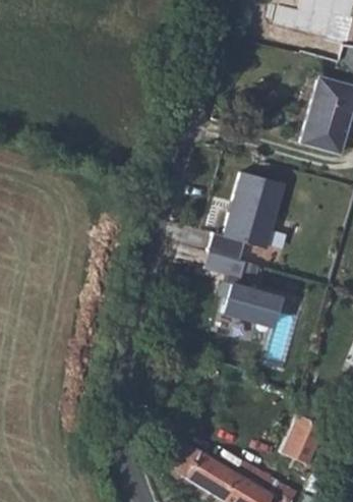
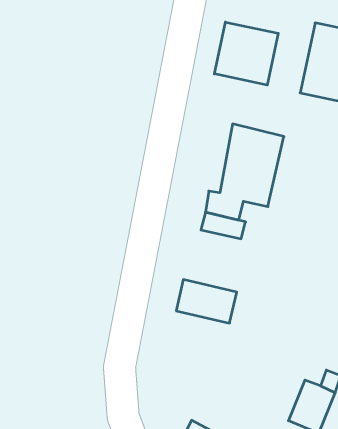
building: none -> [214,22,278,85]
building: [222,281,279,324] -> [176,280,237,323]

